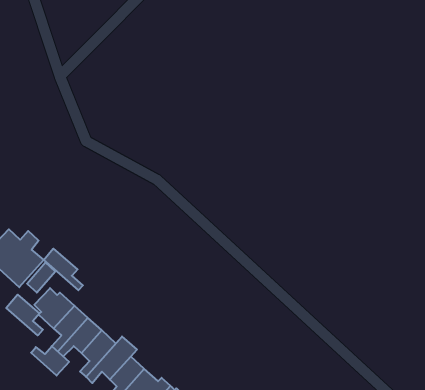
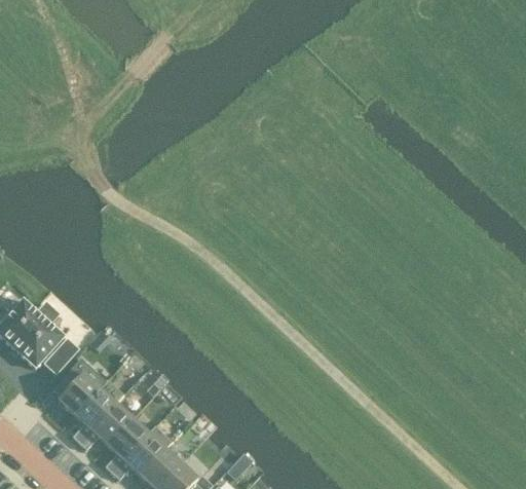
building: [44,249,83,290] -> none
building: [6,295,43,335] -> none
building: [31,346,69,376] -> none

